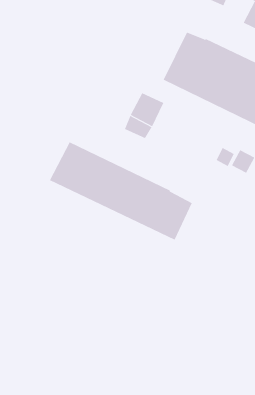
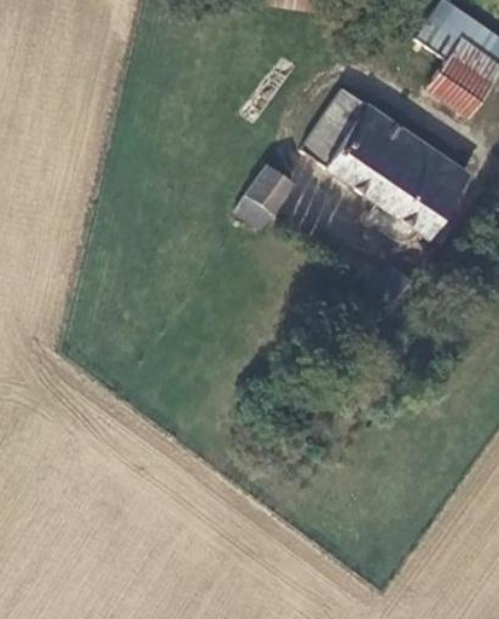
building: [49,141,193,240] -> none

